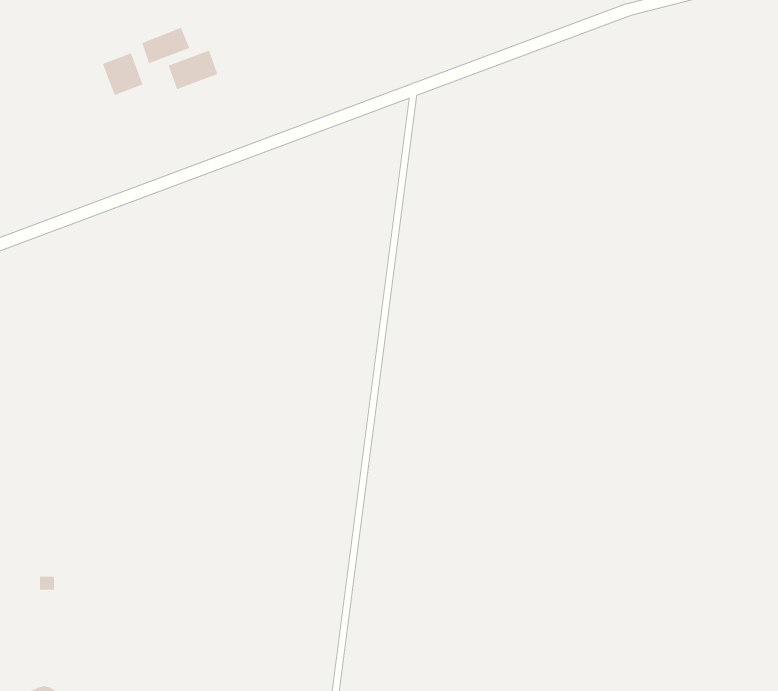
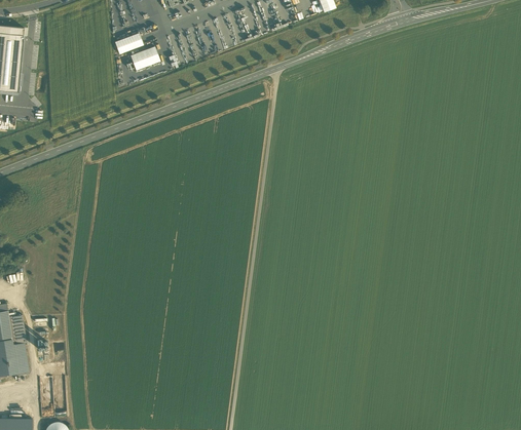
building: [102,53,143,96] -> none

